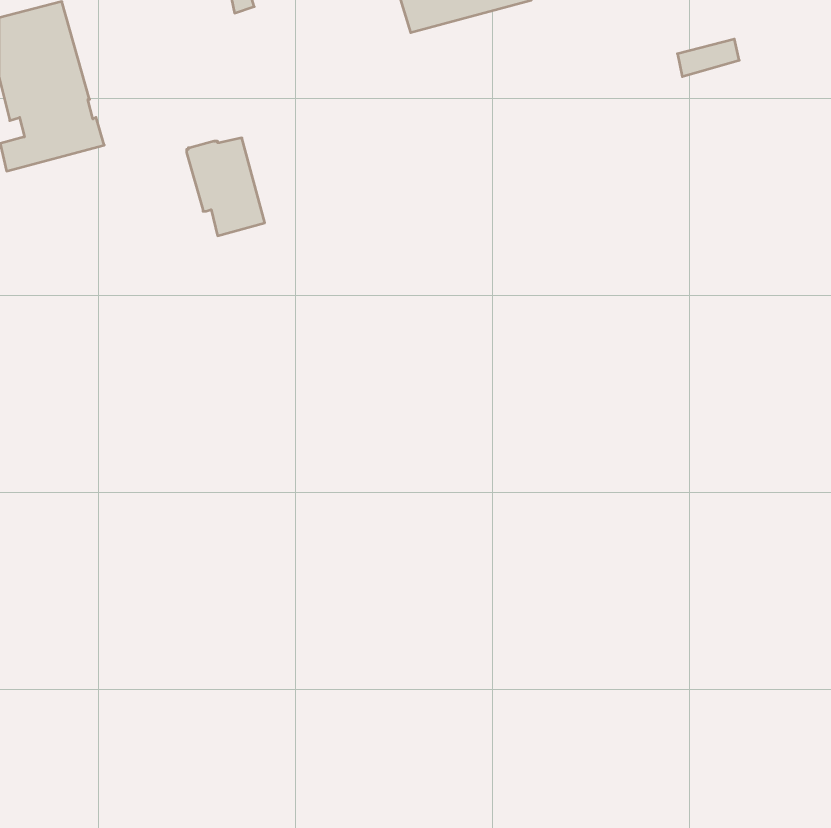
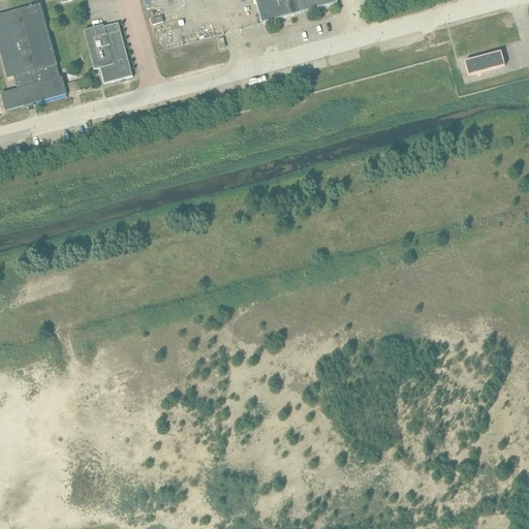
building: [677,39,739,77] -> [464,50,503,73]
building: [187,138,265,236] -> [83,21,132,83]

